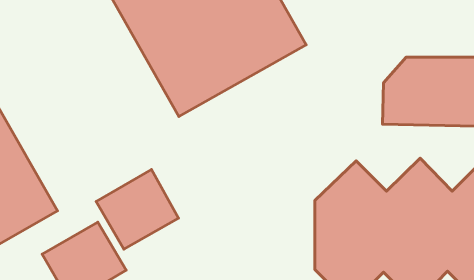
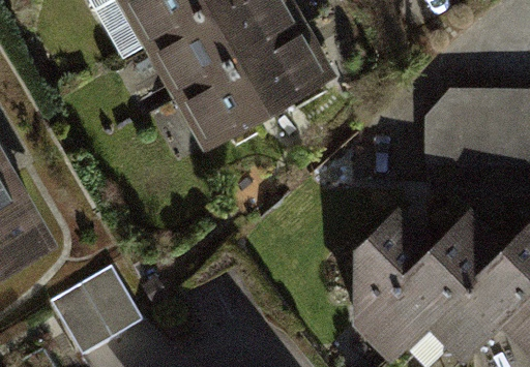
building: [96,170,178,249] -> none

